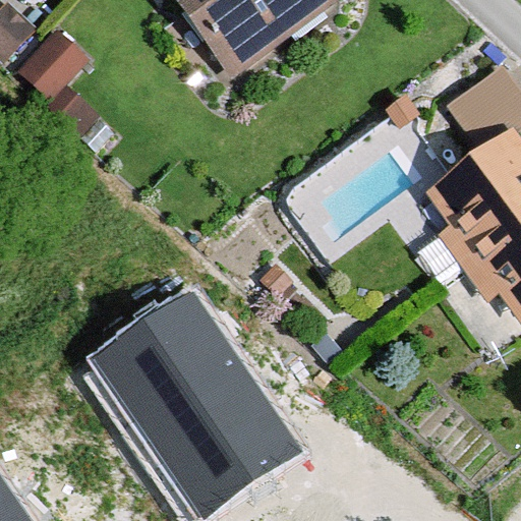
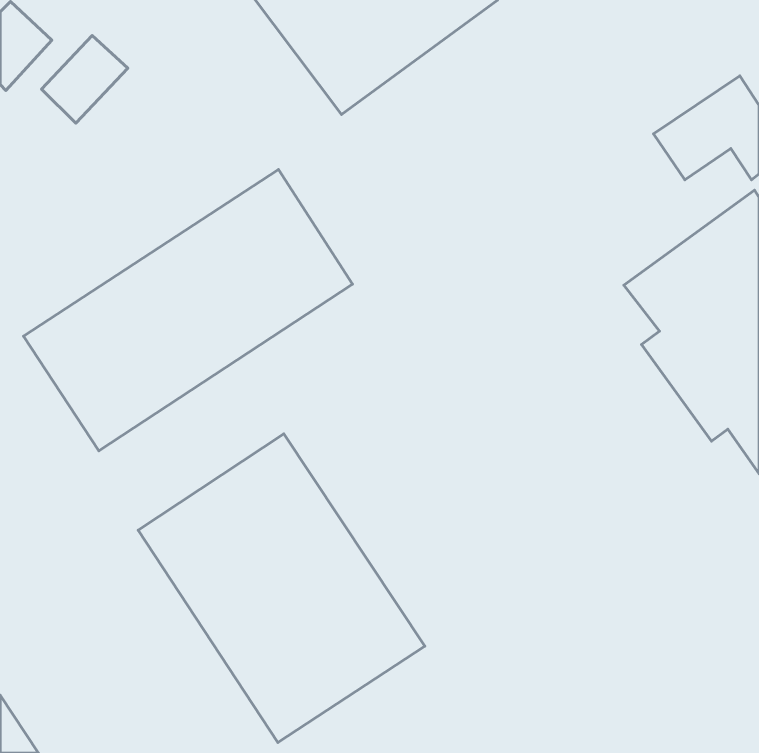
building: none -> [23,170,353,451]

